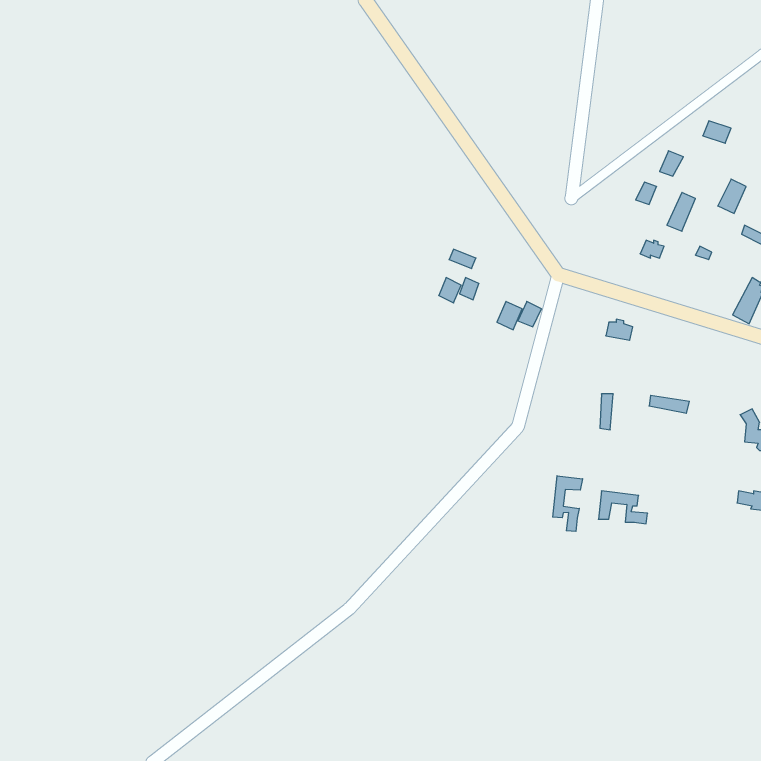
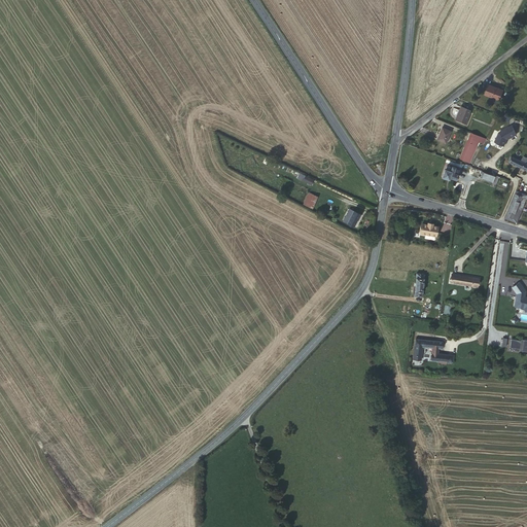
building: [553,476,583,531] -> none

